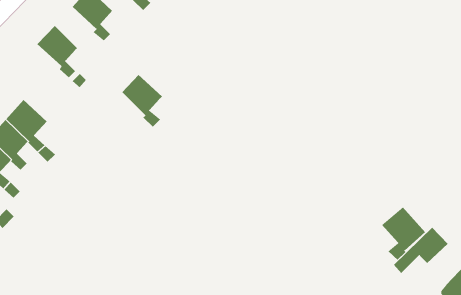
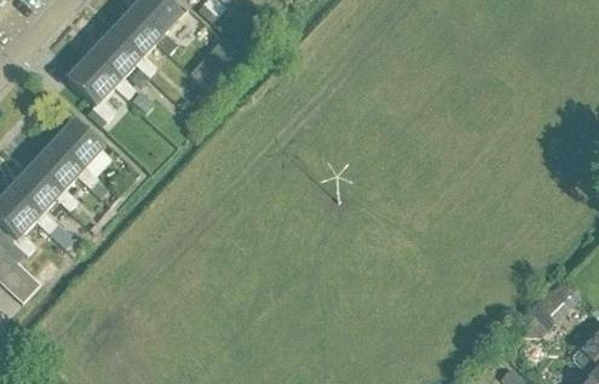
building: none -> [65,55,116,119]
building: [122,74,163,127] -> [109,10,159,74]
building: [381,207,426,261] -> none

